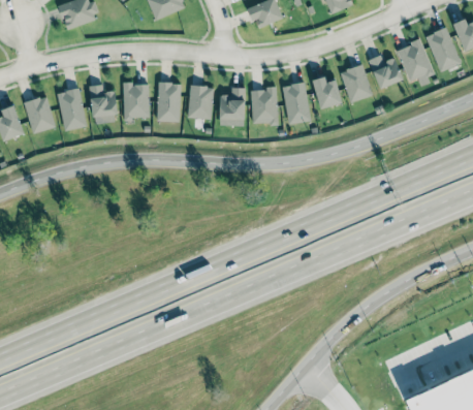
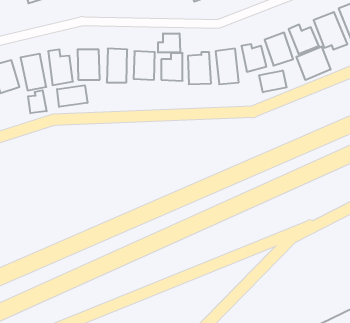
building: none -> [158,33,180,53]
building: none -> [296,46,331,80]
building: none -> [259,70,287,92]
building: none -> [57,85,87,107]
building: none -> [28,90,47,113]

